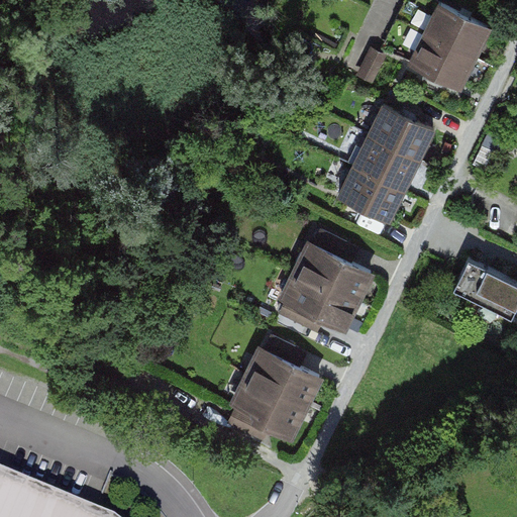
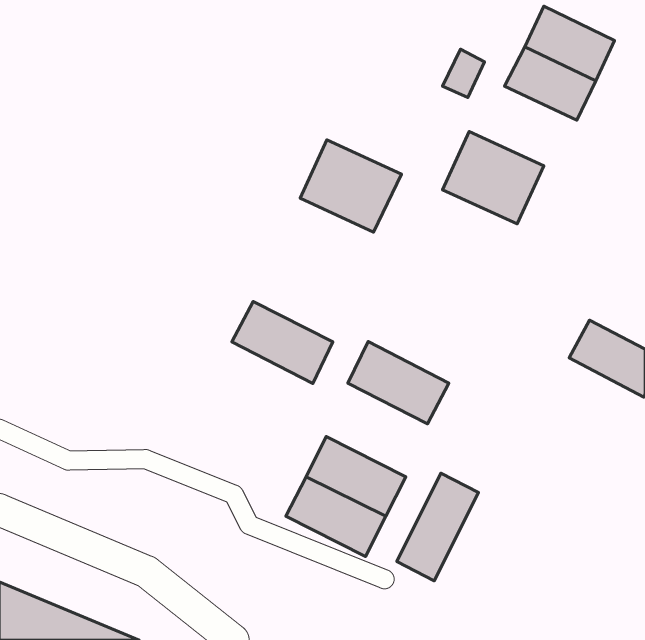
building: [332,151,413,225] -> [300,140,401,232]
building: [294,240,375,306] -> [232,301,333,384]
building: none -> [397,473,478,581]

